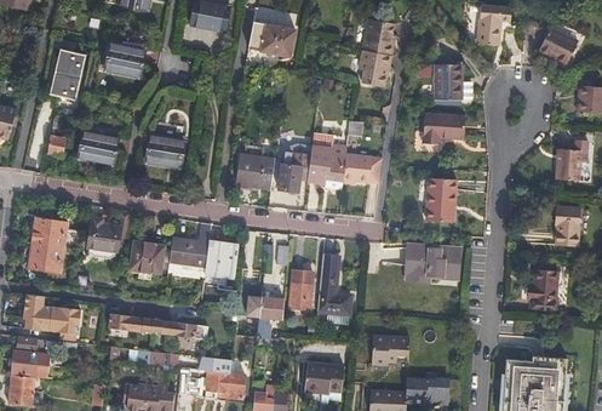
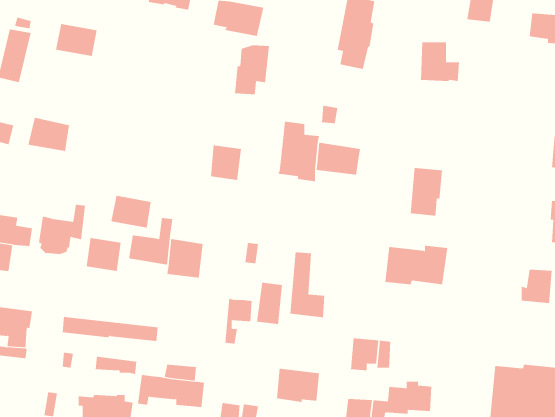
building: [423,112,465,143] -> none
building: [147,136,184,166] -> [111,195,152,228]
building: [279,144,311,190] -> [234,45,270,95]

